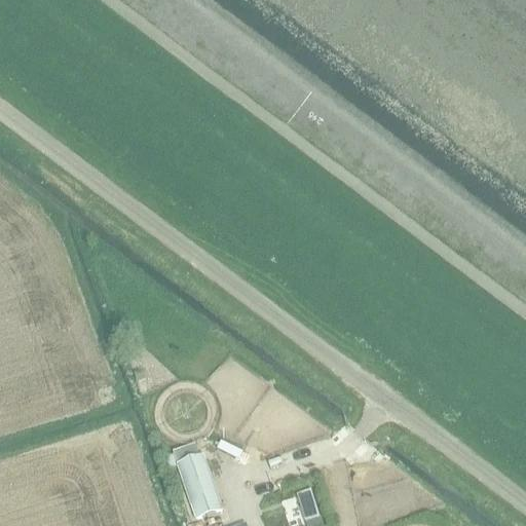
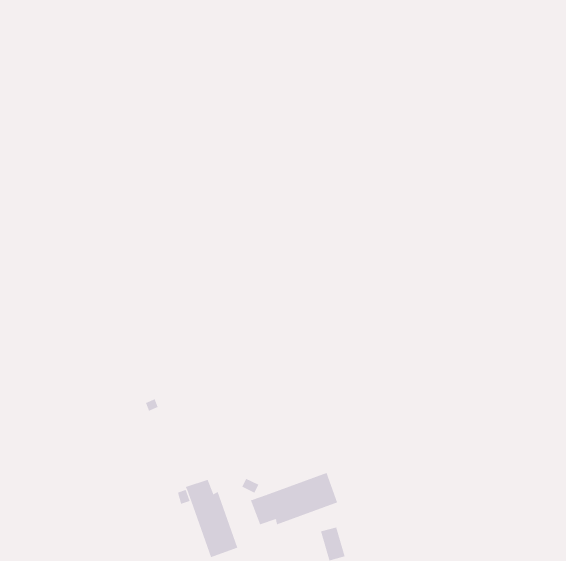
building: none -> [250,472,338,525]

